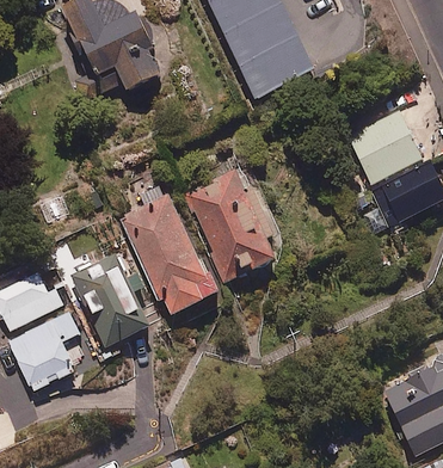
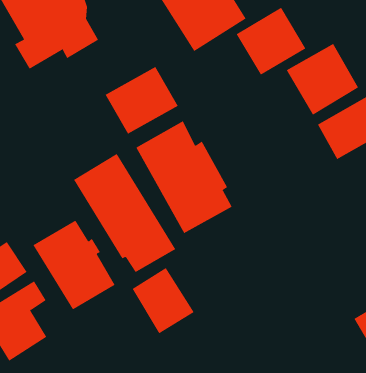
building: none -> [236,7,306,75]
building: none -> [105,66,179,135]
building: none -> [132,267,195,334]

